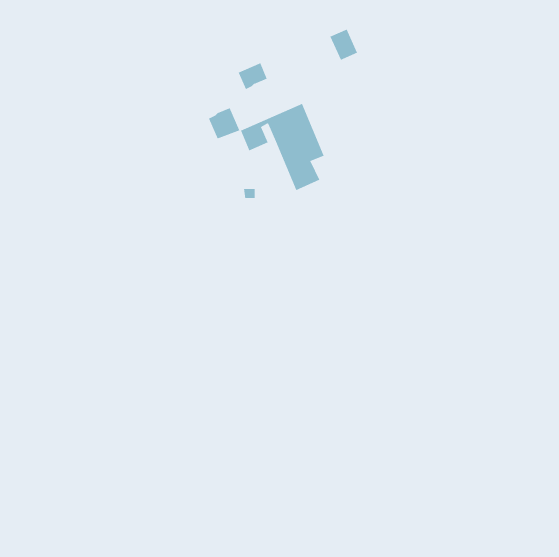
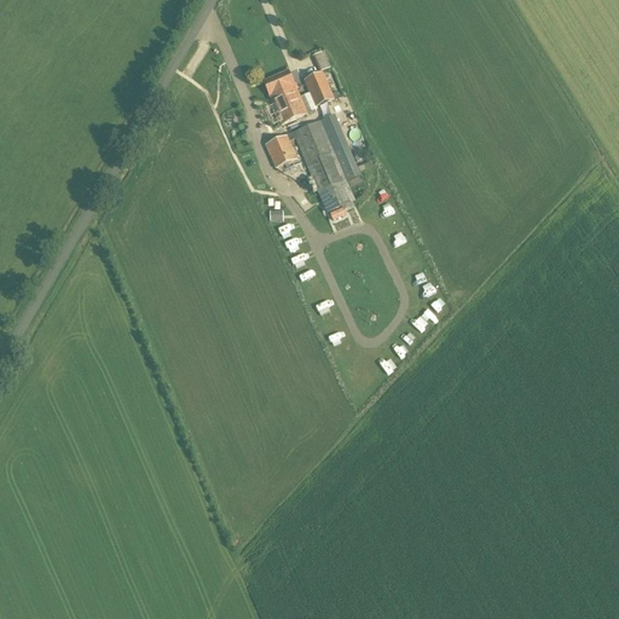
building: [329,29,358,61] -> [302,70,334,105]
building: [208,107,240,139] -> [271,87,306,122]

